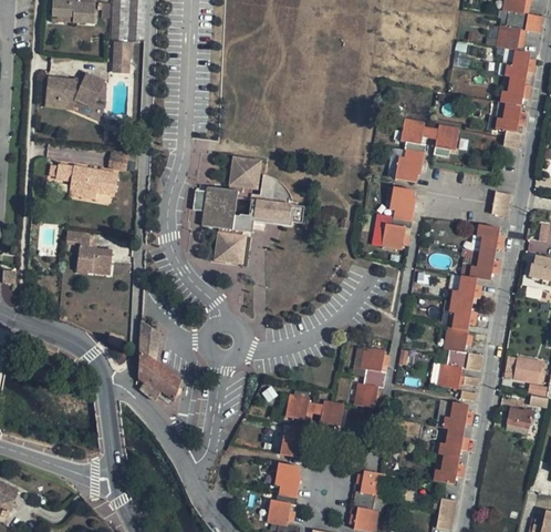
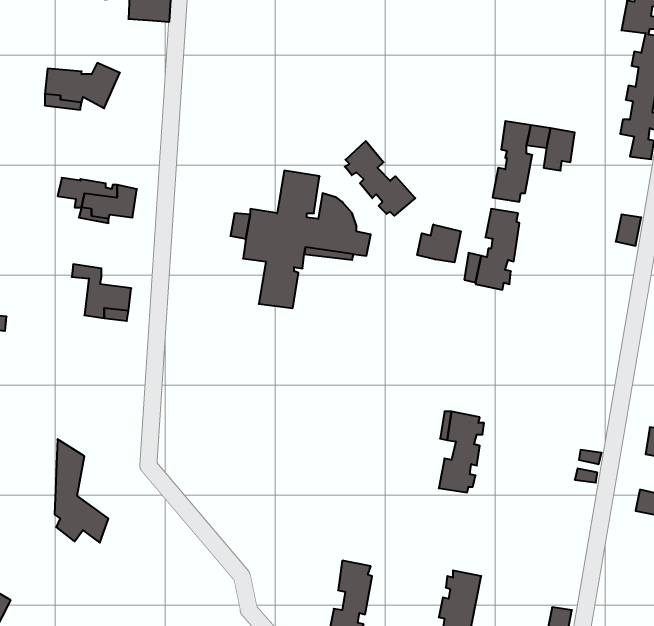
building: [112,42,131,72] -> none
building: none -> [345,141,415,216]
building: none -> [417,224,461,262]
building: [436,224,505,389] -> none
building: [138,320,180,401] -> [55,439,108,543]
building: [280,393,344,458] -> none
building: [433,401,474,485] -> none

